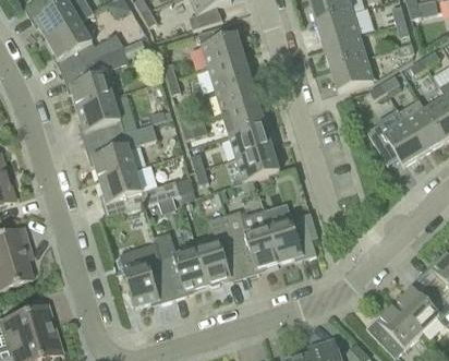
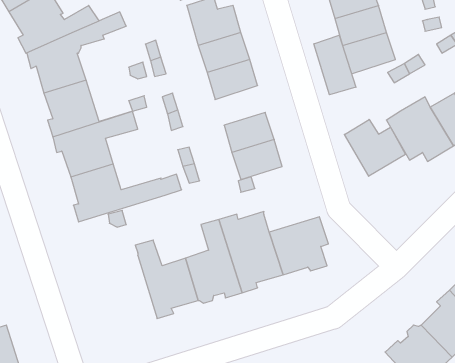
building: none -> [314,35,356,95]
building: [221,100,264,134] -> none
building: none -> [344,119,405,176]
building: [119,242,172,305] -> none

